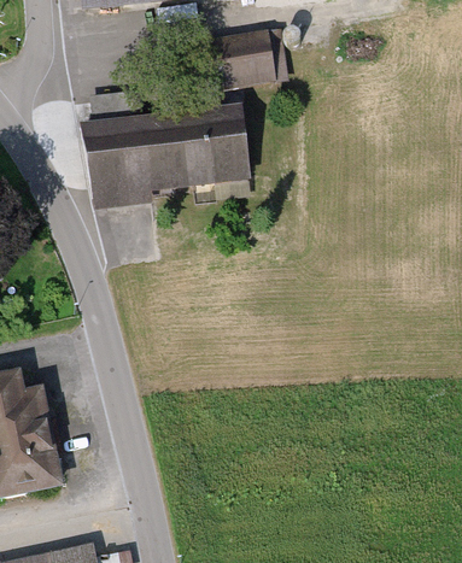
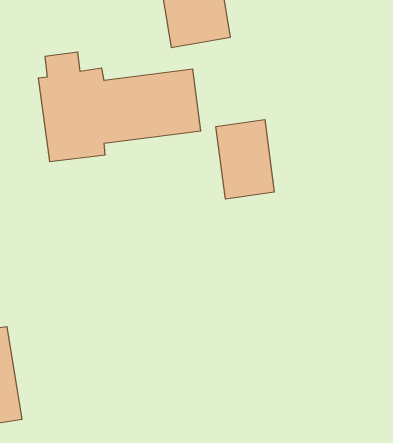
building: none -> [216,120,274,199]

